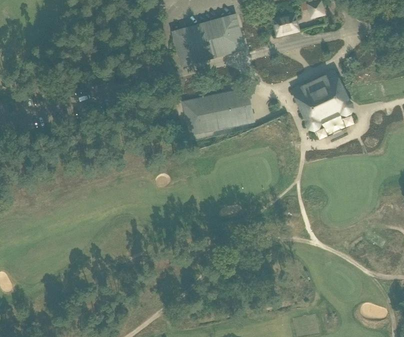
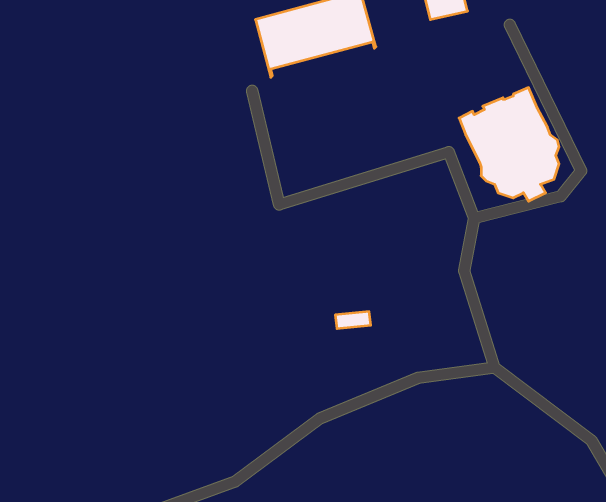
building: [183,88,253,133] -> none

